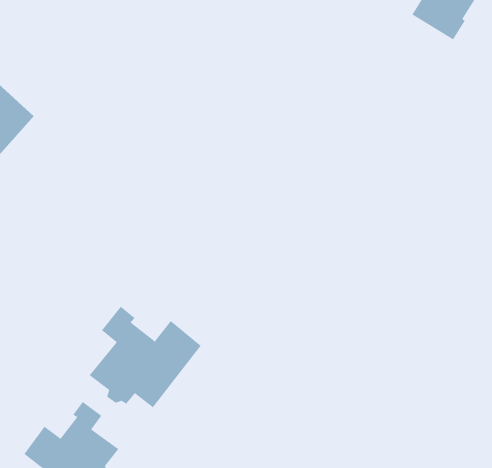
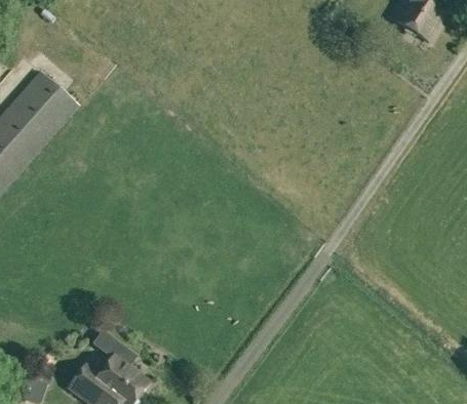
building: [89,306,201,408] -> none

